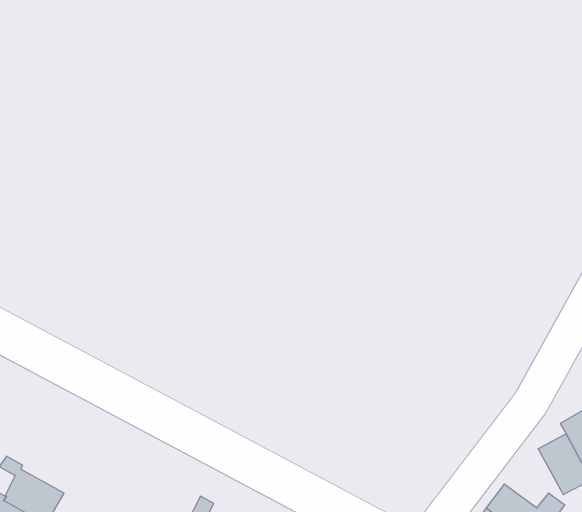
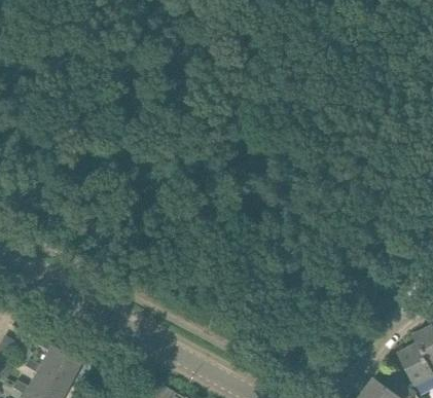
building: none -> [36,337,80,385]

